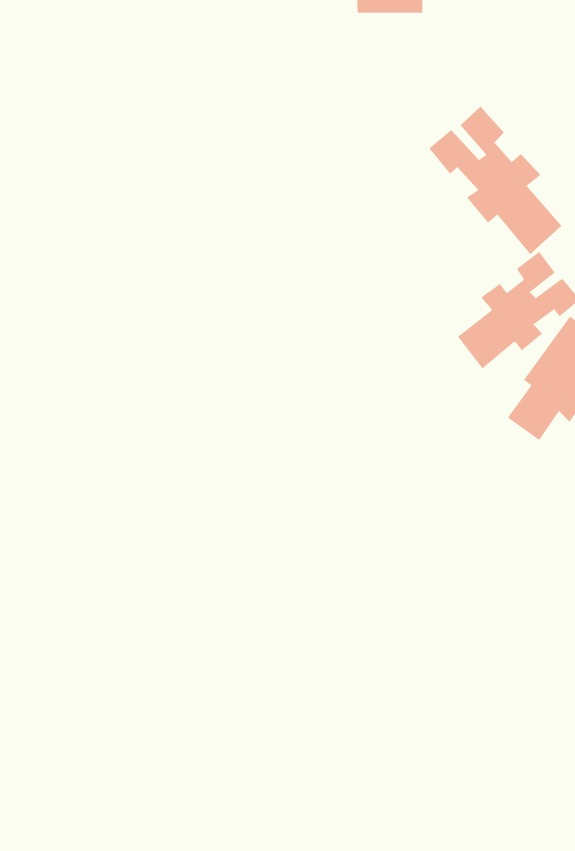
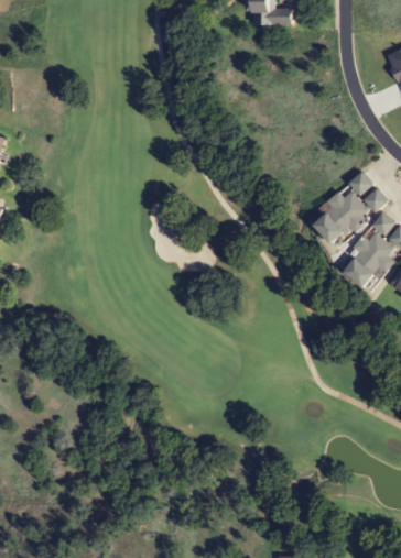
building: [428,106,562,255] -> none

